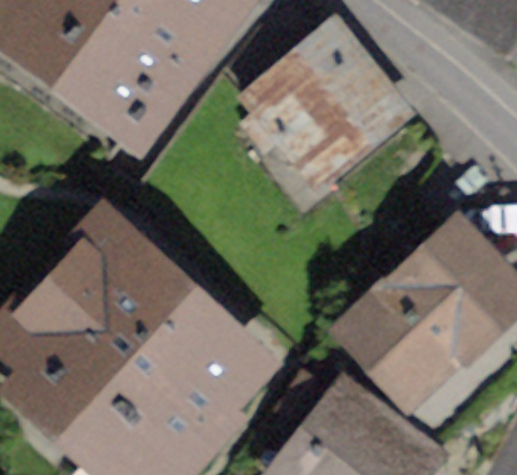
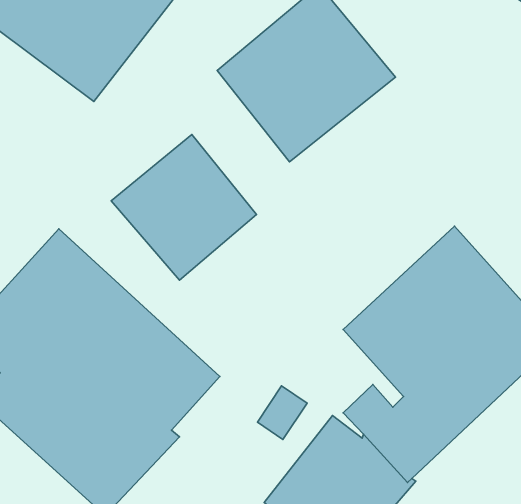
building: none -> [111,134,256,280]

